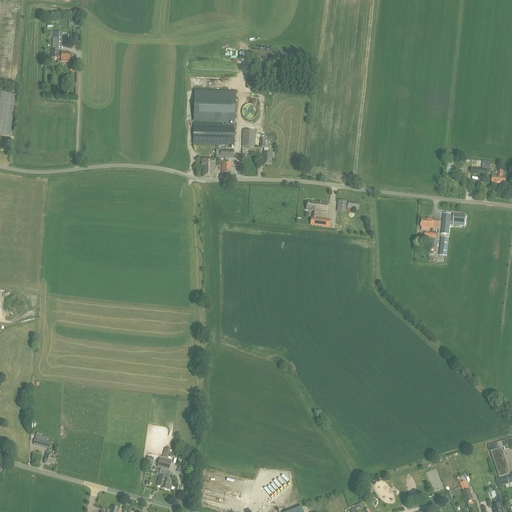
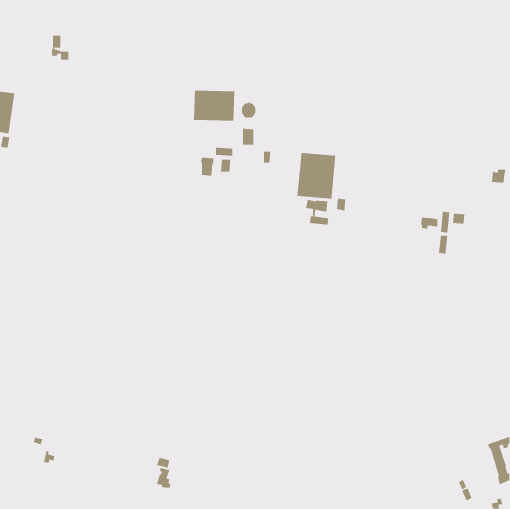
building: [192,122,234,144] -> none
building: none -> [297,152,336,199]

